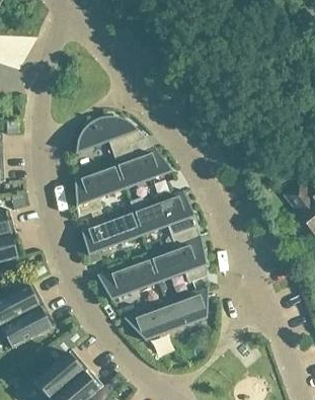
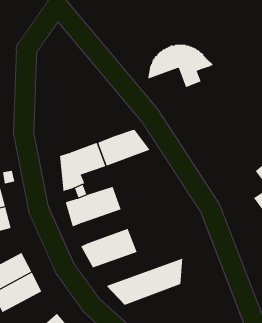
building: [74,115,147,163] -> [147,44,214,88]
building: [129,190,198,236] -> none
building: [148,237,207,283] -> none

